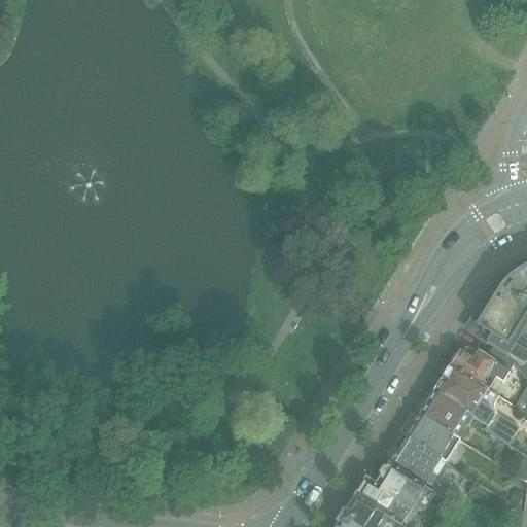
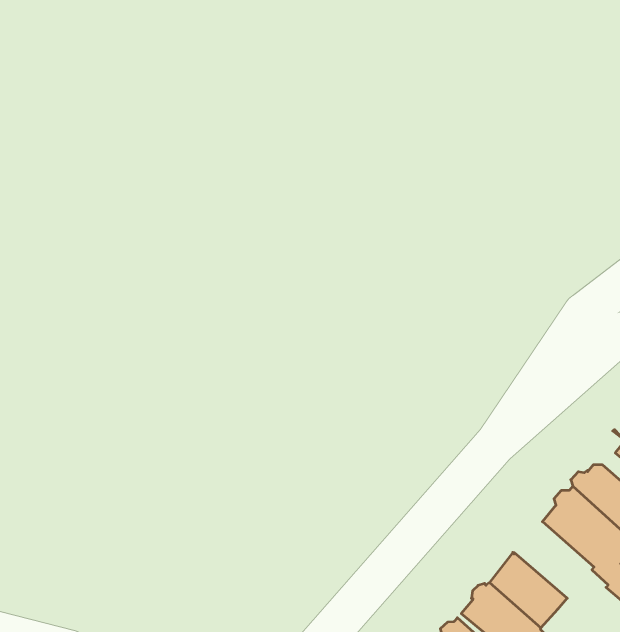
building: [419,391,475,440] -> none

